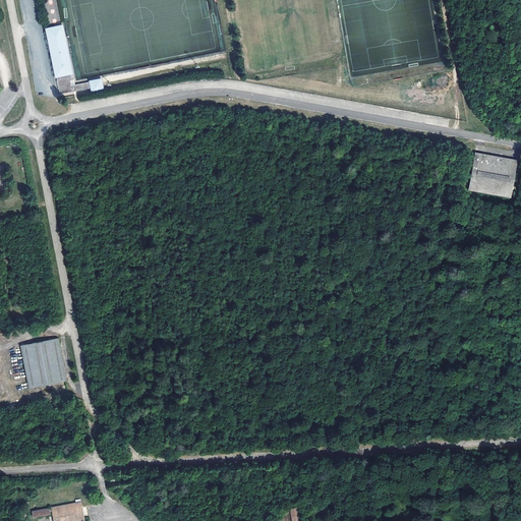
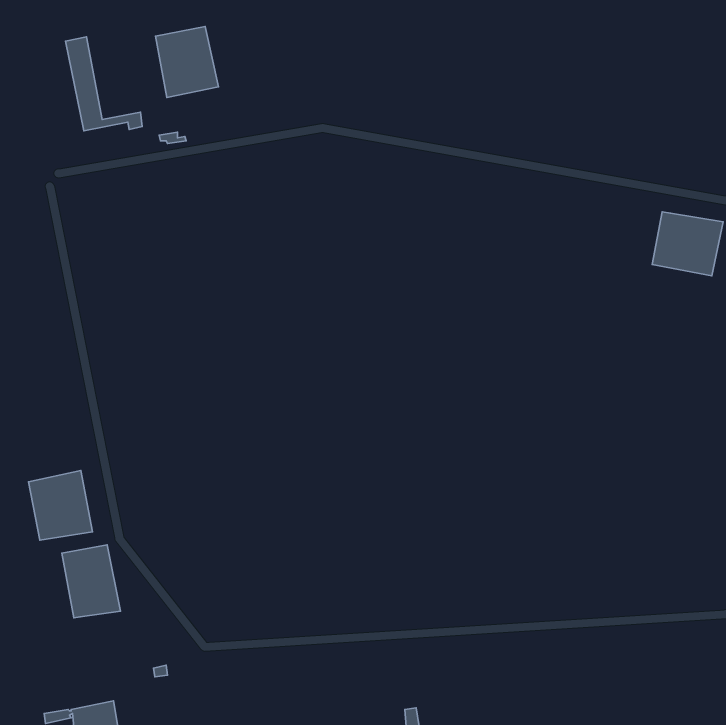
building: none -> [156,27,219,97]
building: none -> [62,545,120,618]

